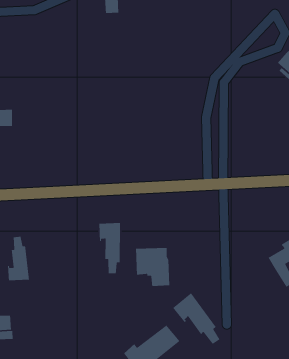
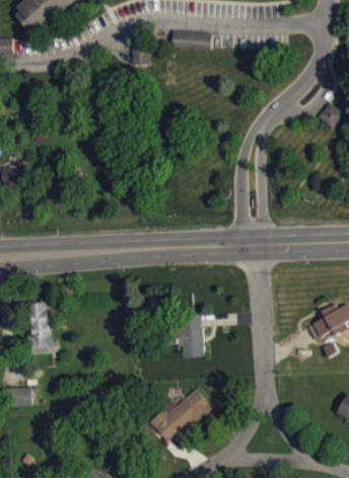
building: [98,222,121,274] -> none
building: [172,292,220,345] -> none

